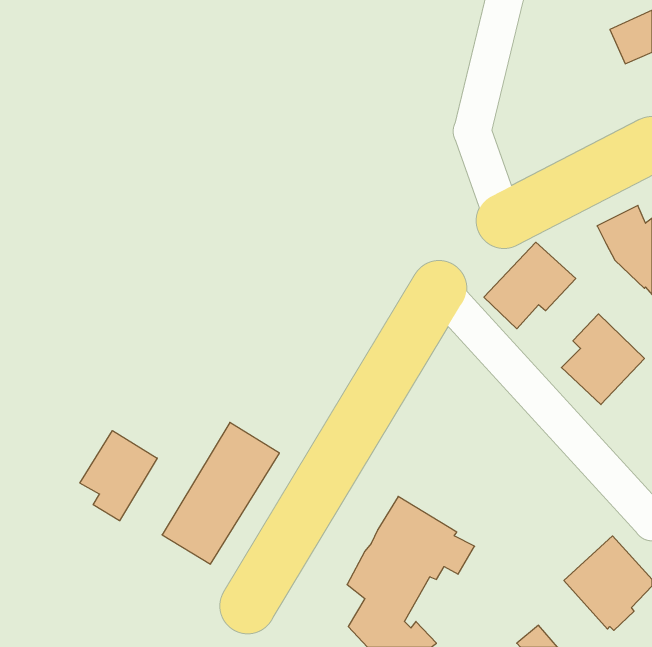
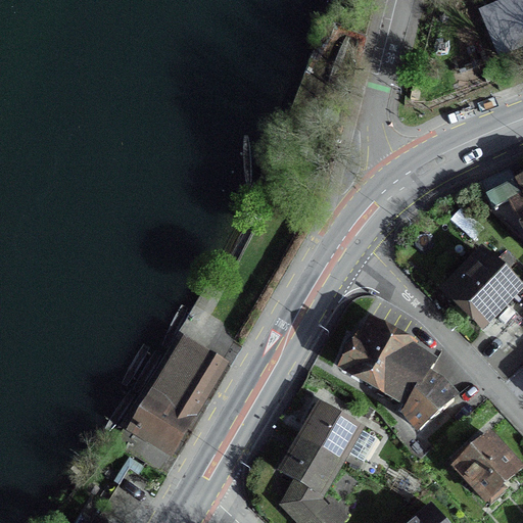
building: [484,242,576,329] -> none
building: none -> [337,315,460,432]
building: [80,431,157,521] -> none

